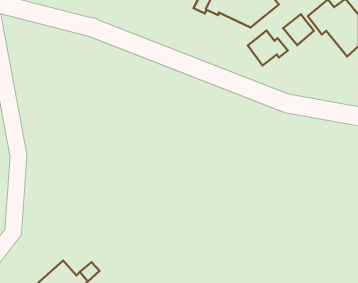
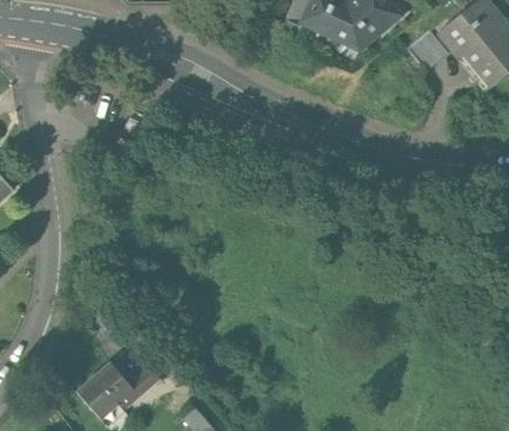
building: [248,30,288,65] -> none

